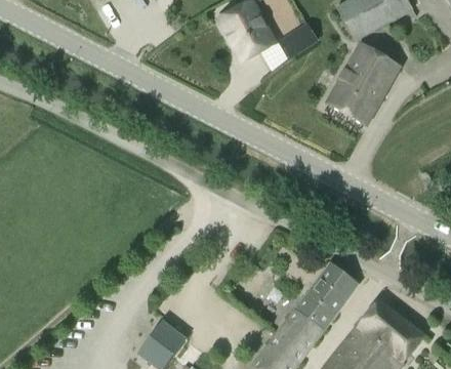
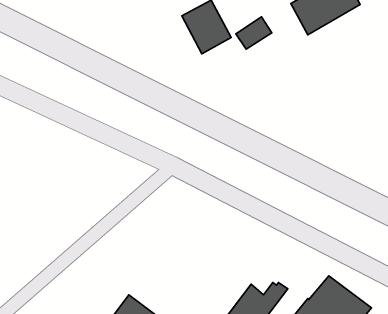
building: [328,42,401,124] -> none
building: [295,262,358,320] -> none

